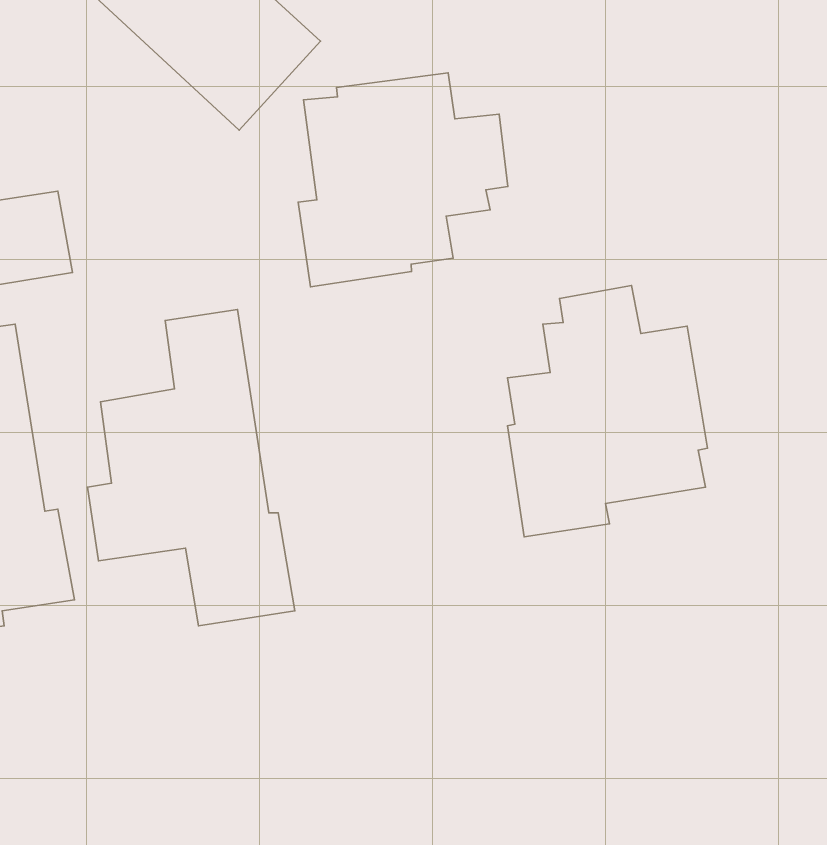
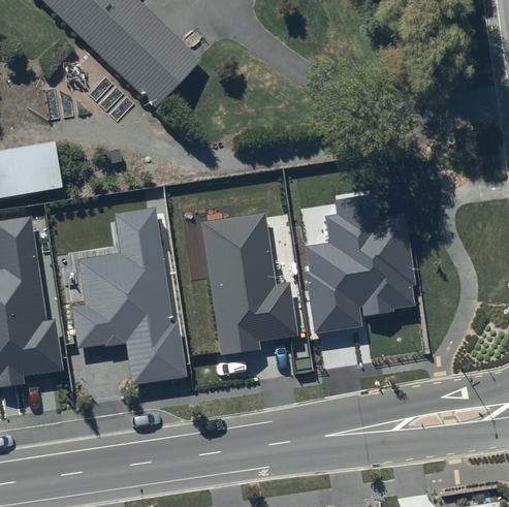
building: [298,73,508,287] -> none
building: none -> [201,213,298,355]

